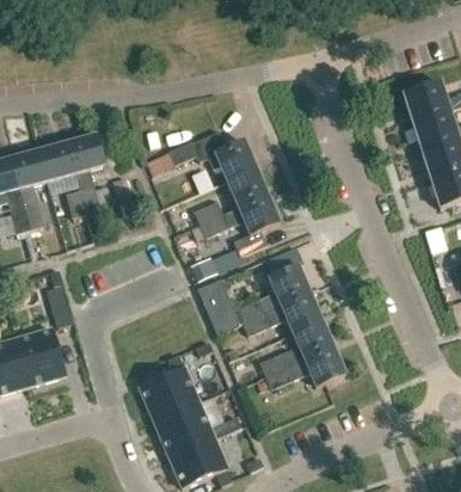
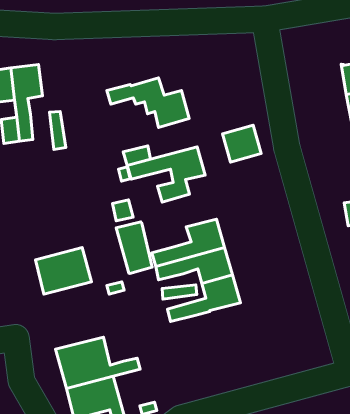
building: [226,166,268,207] -> [222,125,261,162]
building: [265,345,345,388] -> none
building: [140,365,199,418] -> [35,247,91,294]

